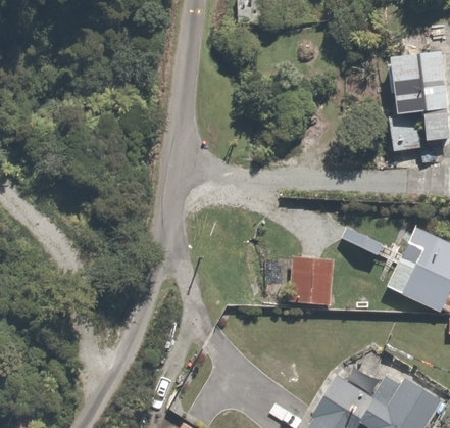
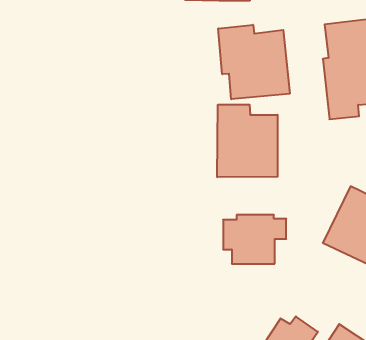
building: none -> [218,25,290,99]
building: none -> [217,105,278,177]

